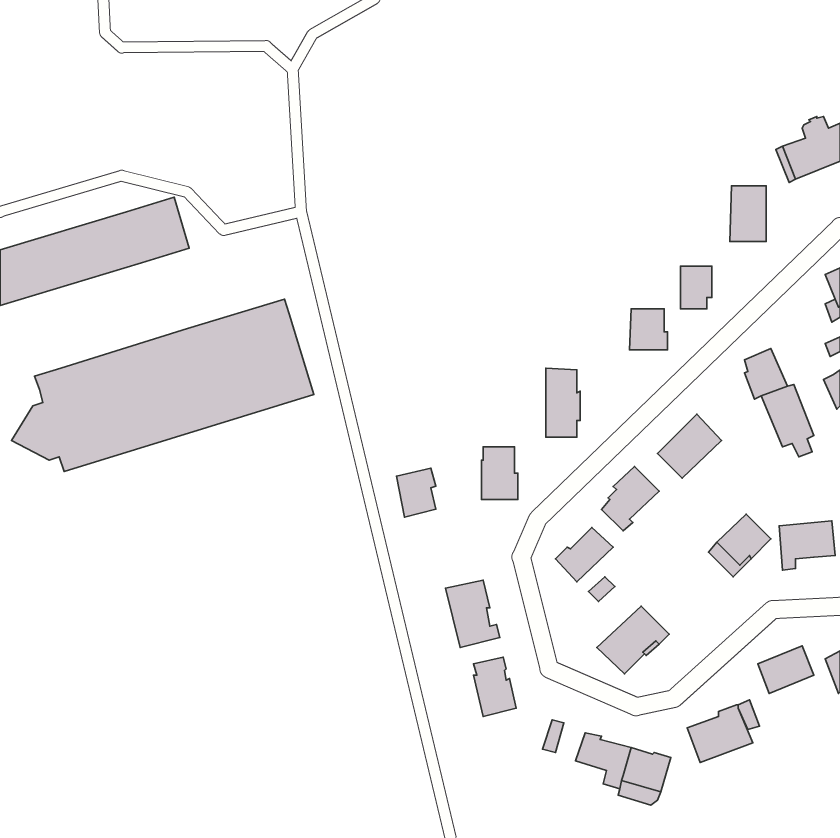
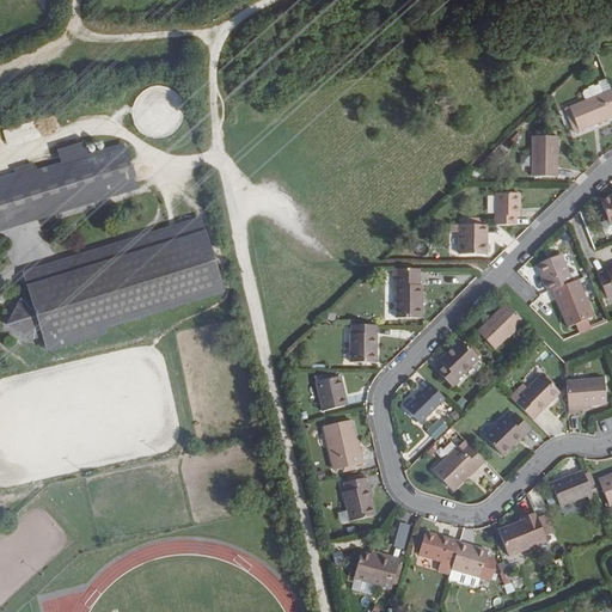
building: [396,468,436,517] -> [317,375,345,411]
building: none -> [485,414,532,455]
building: none -> [355,552,400,588]

